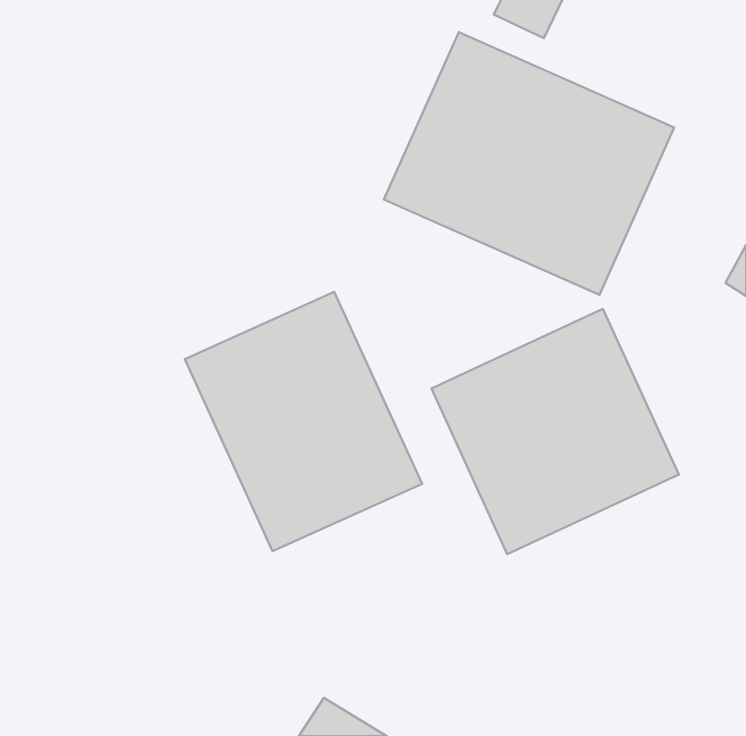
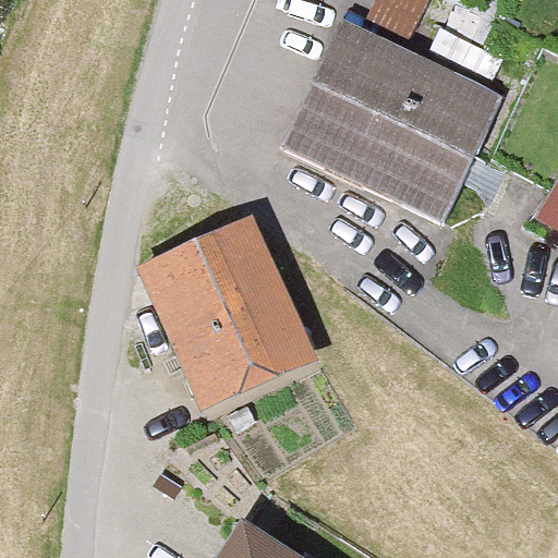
building: [431,309,679,554] -> none

